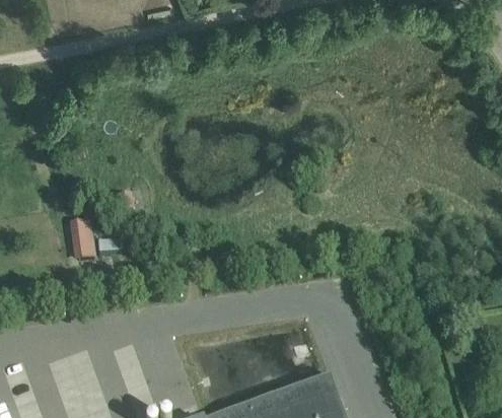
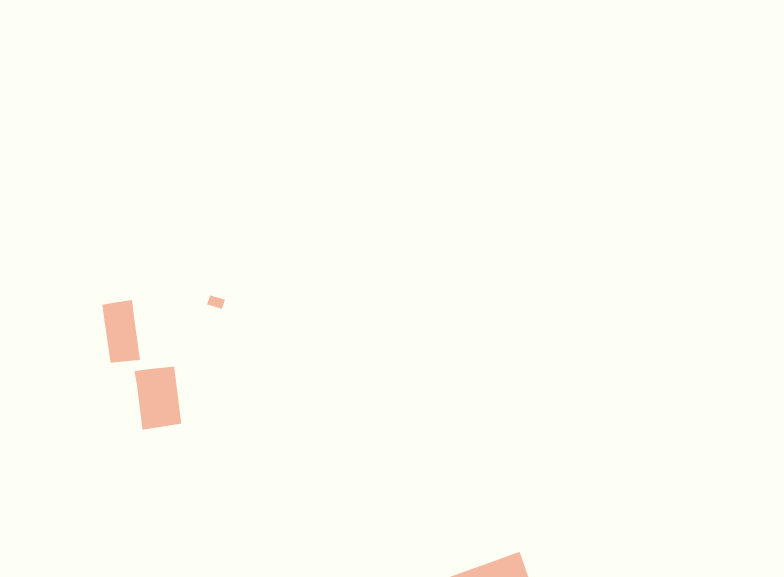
building: none -> [134,366,182,430]

